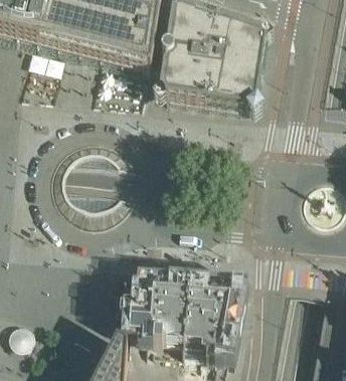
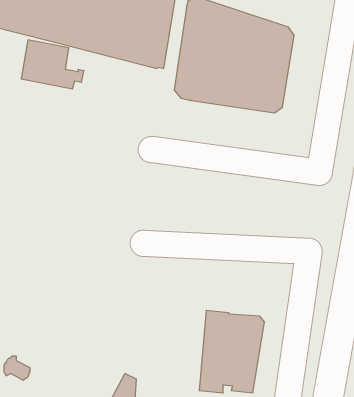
building: [128,276,186,350] -> none

